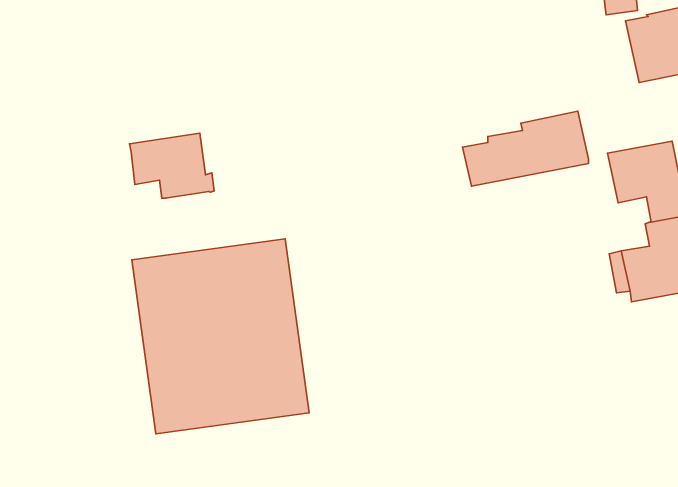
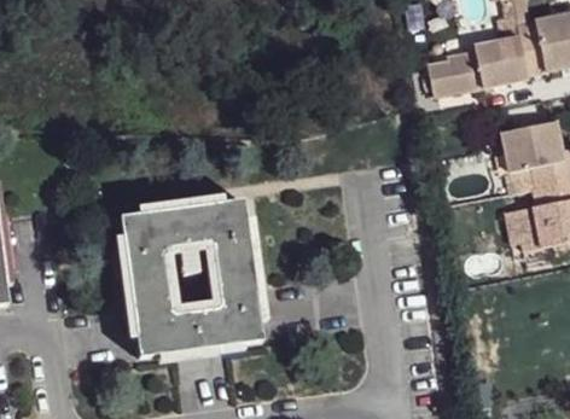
building: [462,111,588,186] -> [426,35,528,95]
building: [129,133,214,198] -> none

